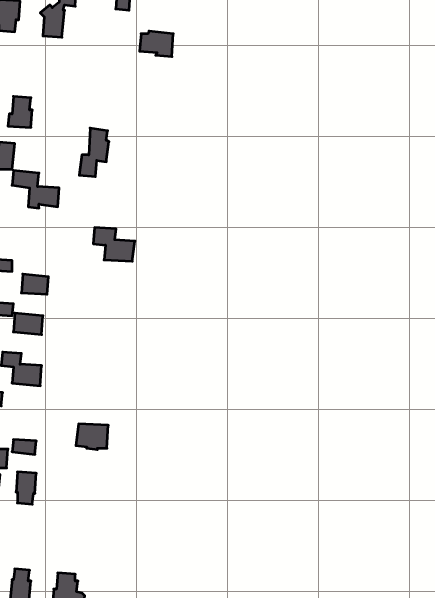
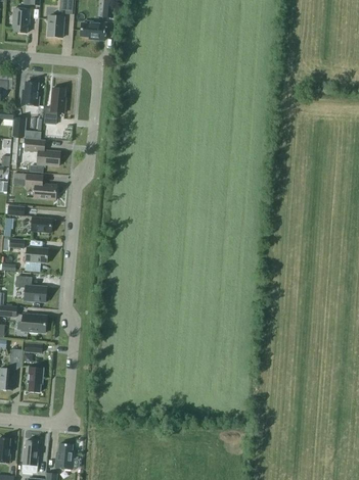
building: [140,31,173,57] -> [81,20,106,40]
building: [79,128,109,177] -> [44,87,66,124]
building: [93,228,135,261] -> [26,174,57,199]
building: [76,424,108,450] -> [21,314,46,333]

